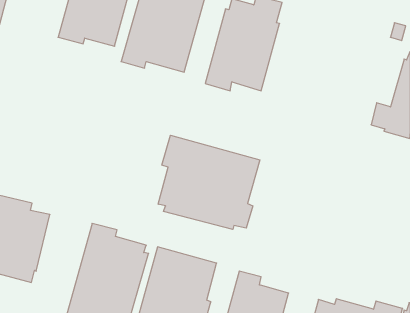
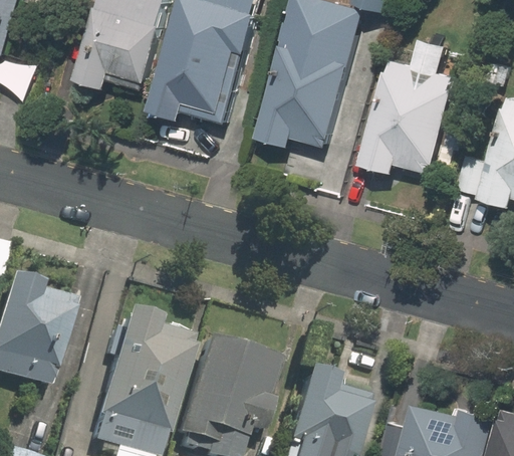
building: none -> [360,39,452,181]
building: [158,135,260,229] -> none

